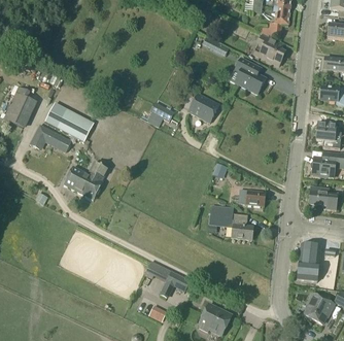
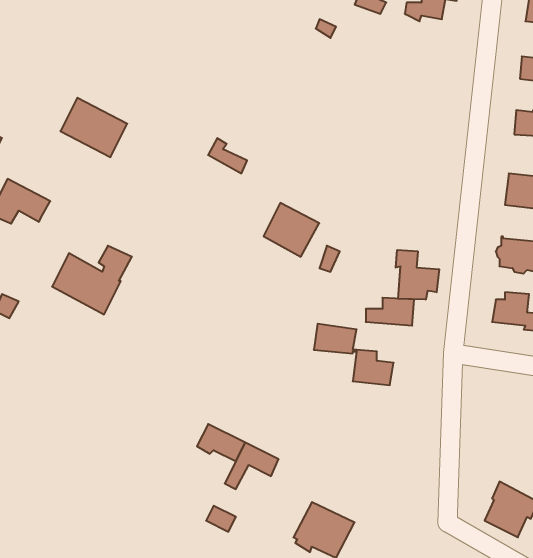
building: [253,33,285,64] -> none
building: [235,57,266,93] -> none
building: [188,92,219,122] -> [264,203,319,257]
building: [57,107,94,140] -> [60,98,127,157]
building: none -> [396,250,439,300]
building: [297,243,322,280] -> none

